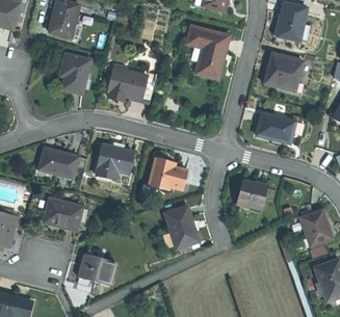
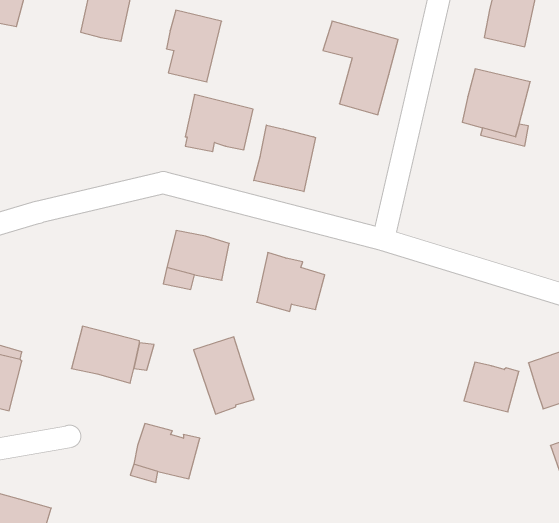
building: [59,54,90,95] -> [166,10,222,82]
building: none -> [254,125,316,192]
building: [257,113,296,143] -> none
building: [38,148,79,179] -> none
building: [237,181,268,209] -> [464,362,519,412]
building: [164,206,199,249] -> [194,337,254,414]

